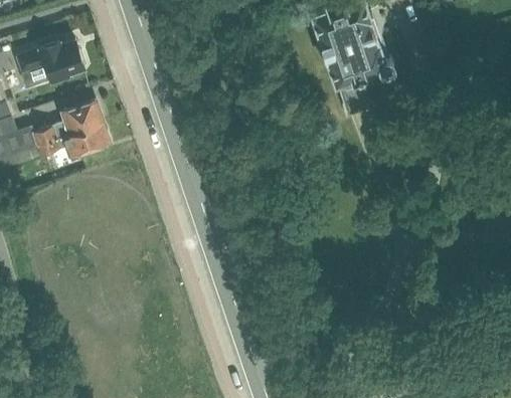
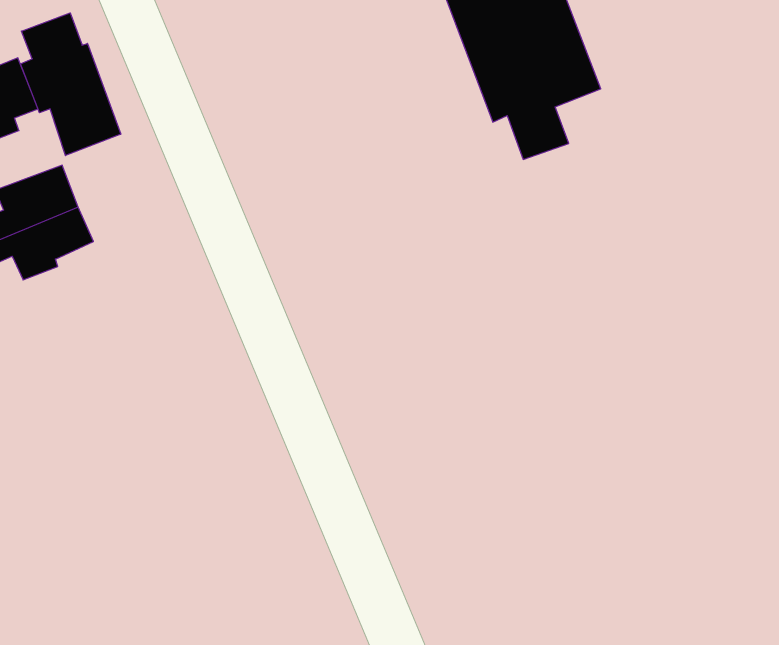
building: none -> [20,13,121,156]

